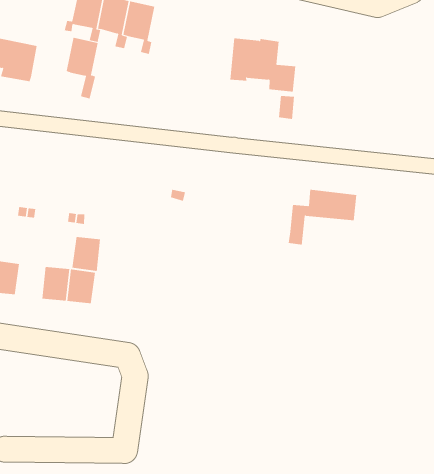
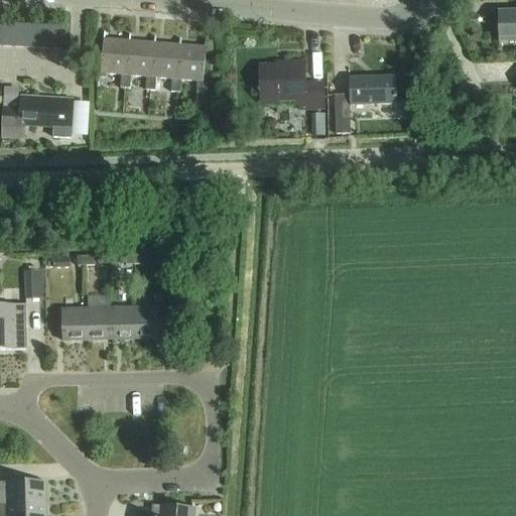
building: [66,37,98,99] -> [177,44,207,101]
building: [288,189,357,245] -> [335,76,396,131]
building: [71,237,101,271] -> [86,306,111,338]

